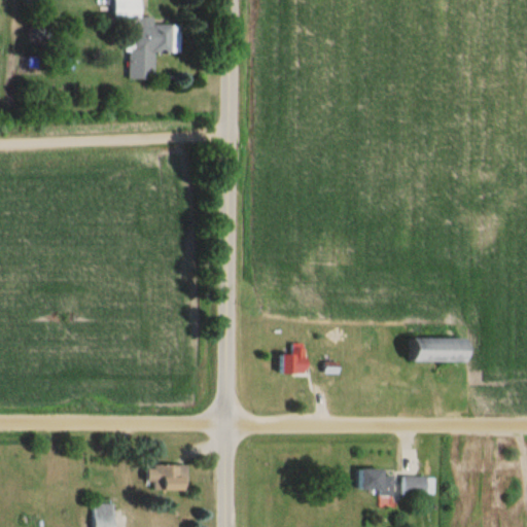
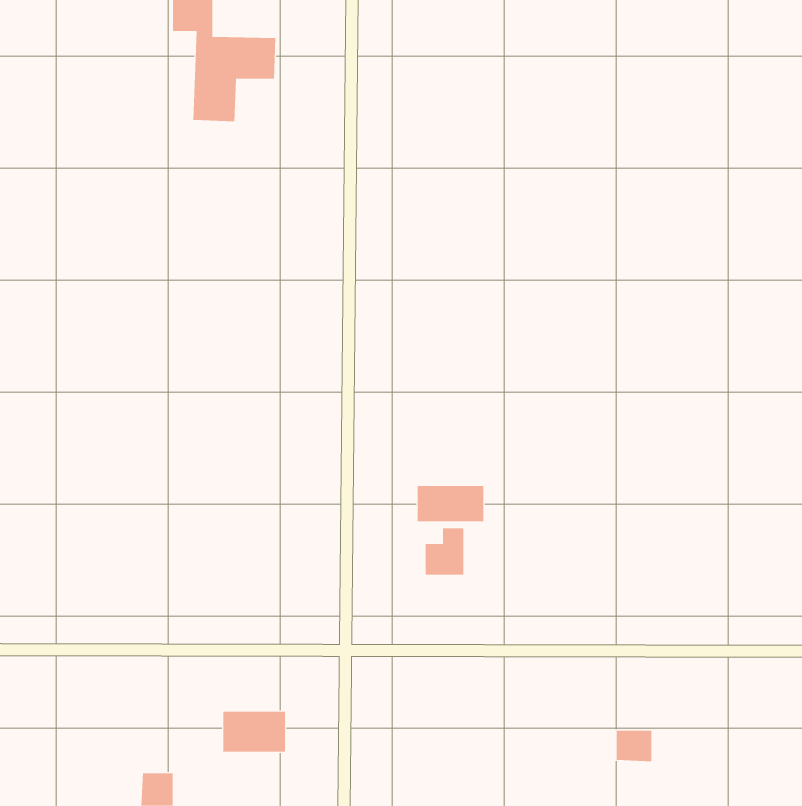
building: none -> [417,485,484,522]
building: [413,339,466,363] -> none
building: [361,467,394,495] -> none

